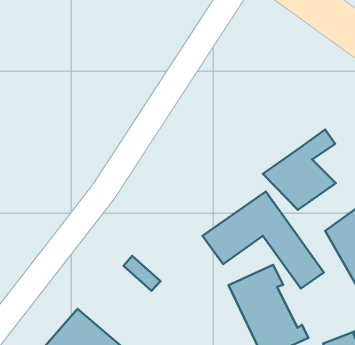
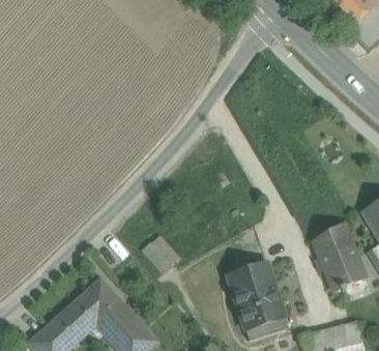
building: [263,129,336,210] -> none
building: [202,191,324,288] -> none

